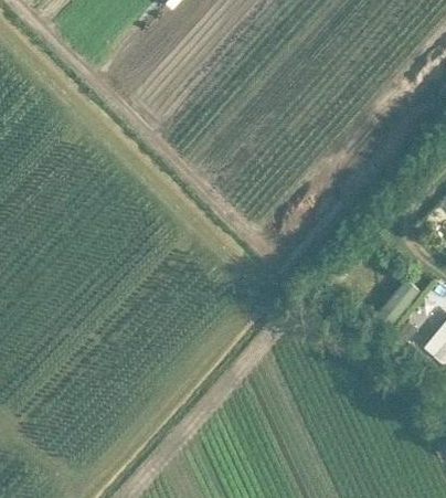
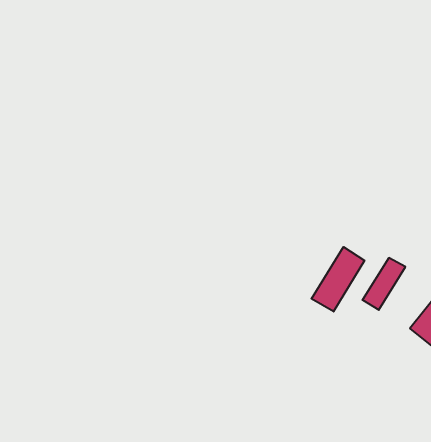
building: none -> [311,247,364,312]

